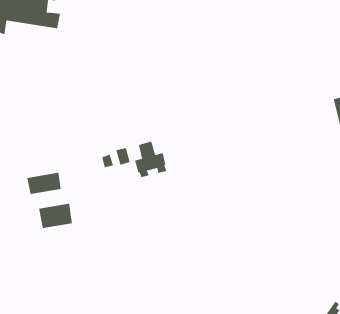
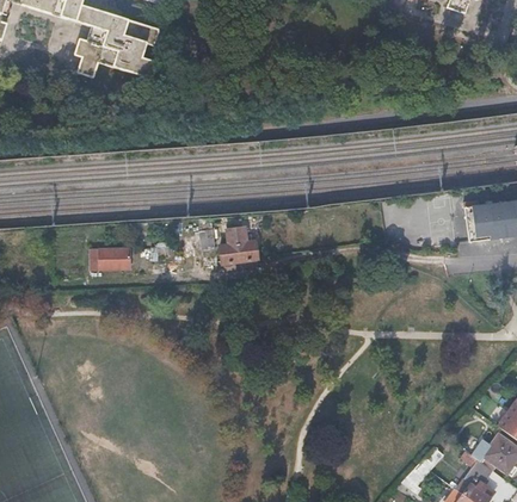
building: [39,203,73,229] -> none

